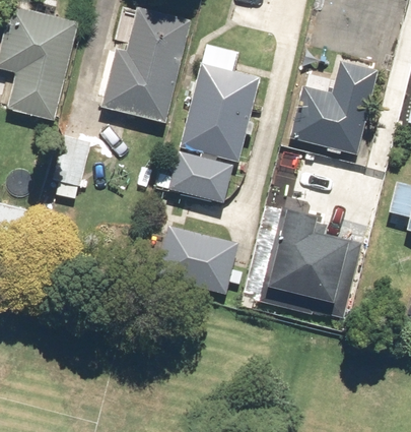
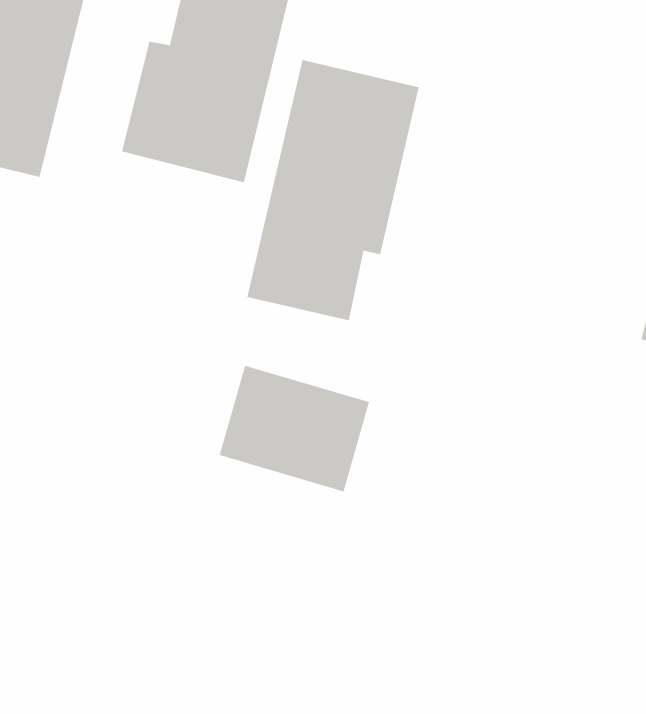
building: [291,62,376,156] -> none
building: [259,203,364,321] -> none

